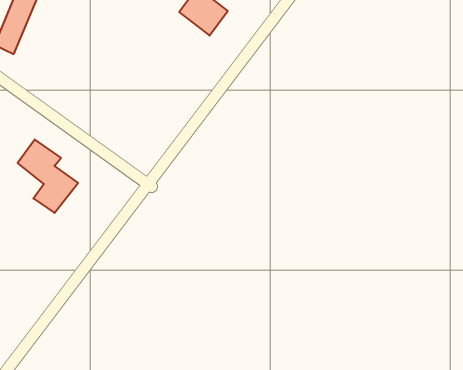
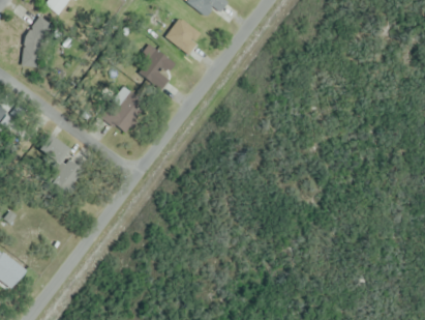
building: none -> [135,43,175,87]
building: none -> [103,92,144,133]

